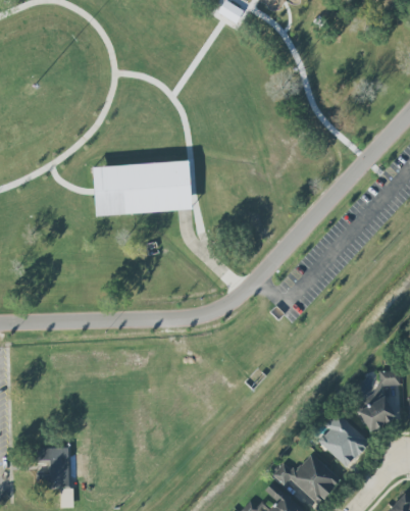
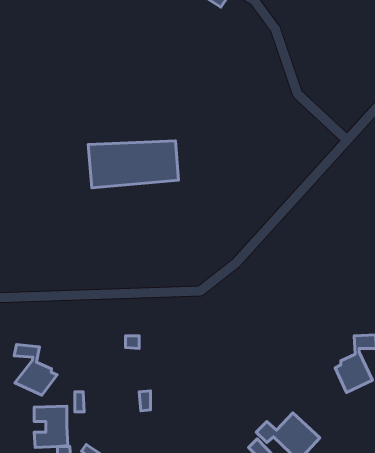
building: none -> [14,345,57,395]
building: [318,412,370,468] -> none

